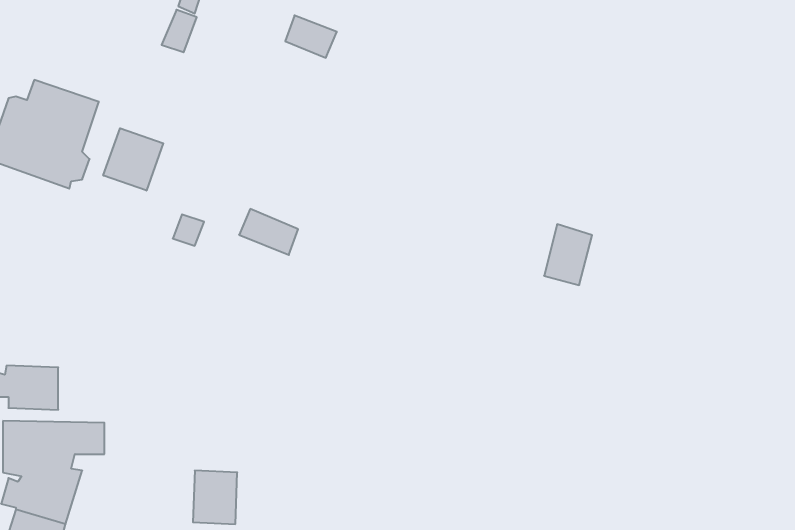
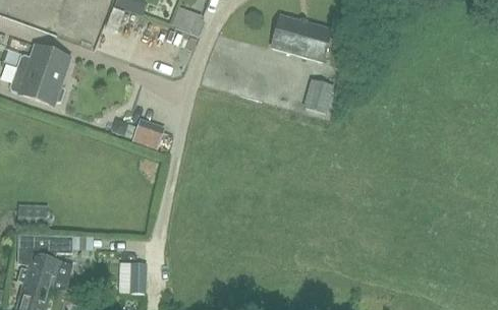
building: none -> [272,14,331,60]
building: [103,128,163,191] -> none
building: [544,224,592,285] -> [307,78,333,112]

